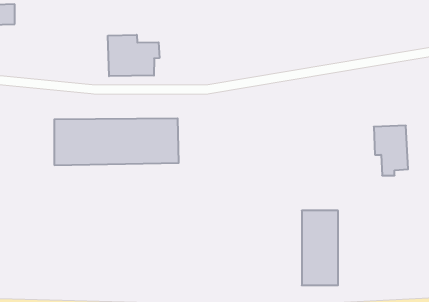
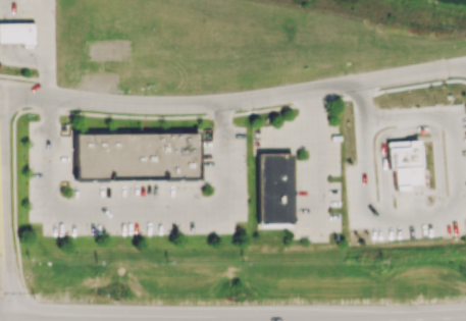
building: [108,35,159,76] -> none
building: [302,211,338,285] -> [260,151,296,224]

